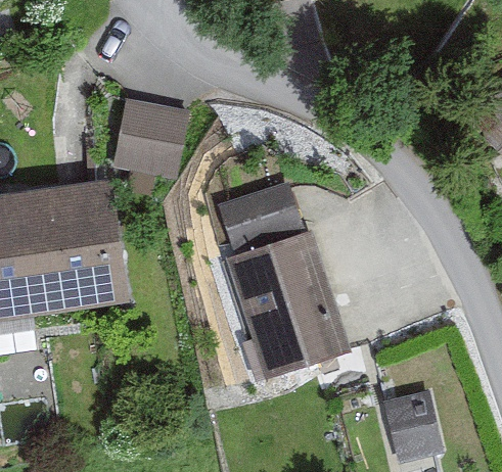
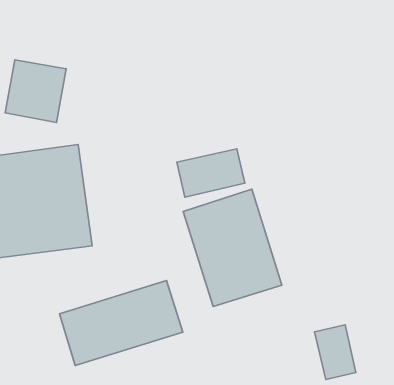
building: [115,105,185,178] -> [5,60,66,123]
building: none -> [60,281,183,366]

